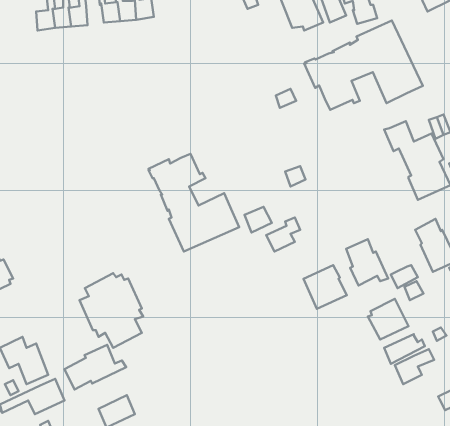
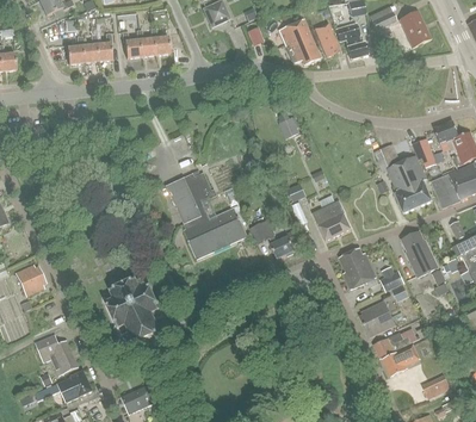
building: [304,21,423,110] -> none
building: [303,265,347,309] -> [313,201,351,240]
building: [64,345,126,389] -> none

